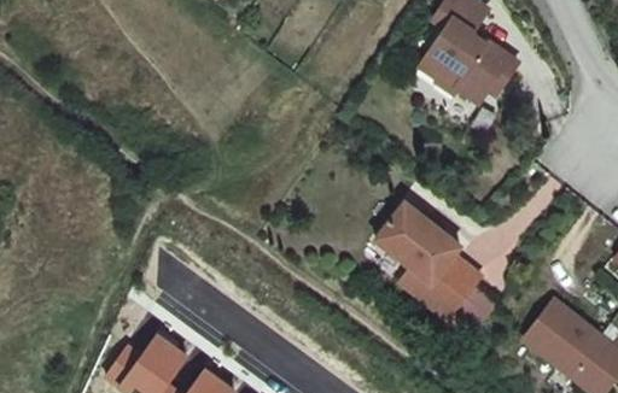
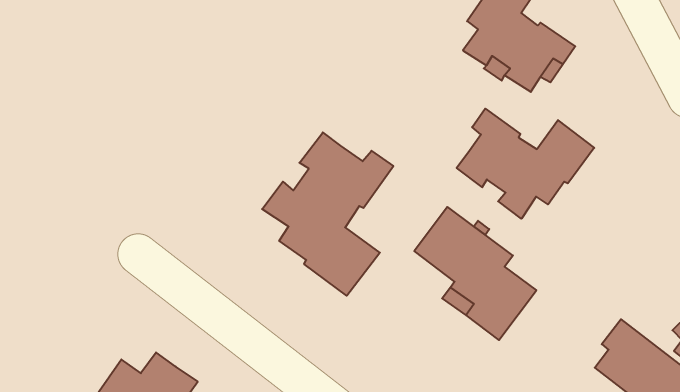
building: none -> [457,109,594,219]
building: none -> [262,132,393,296]

